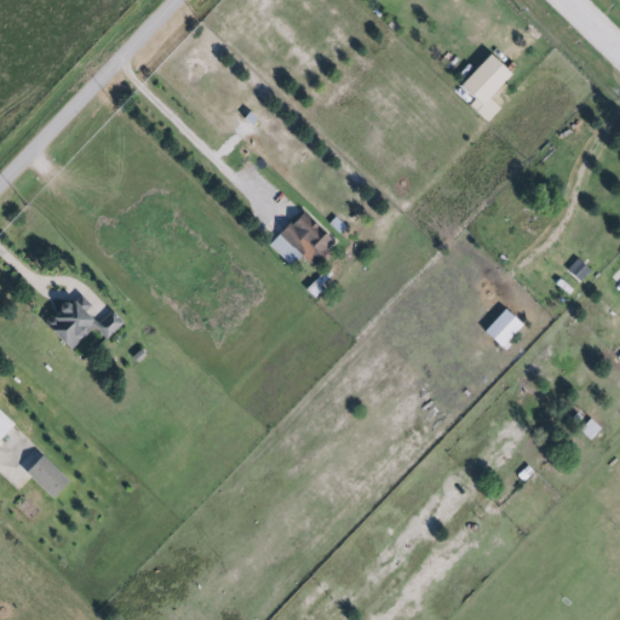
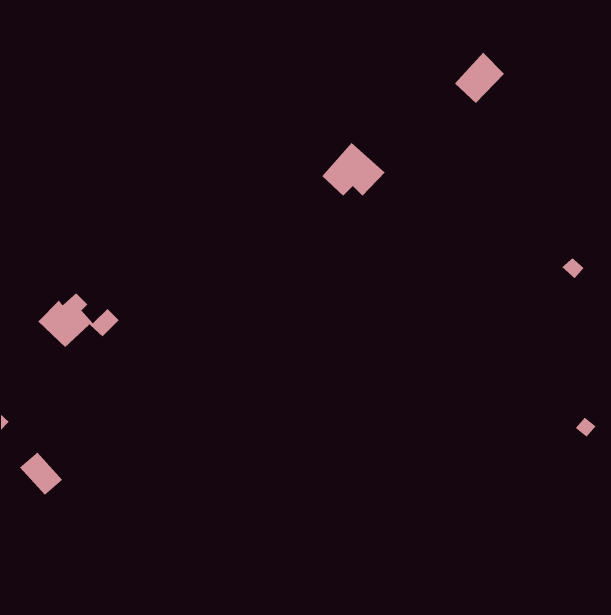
building: [271,209,335,264] -> [321,142,385,197]
building: [484,308,523,346] -> none

